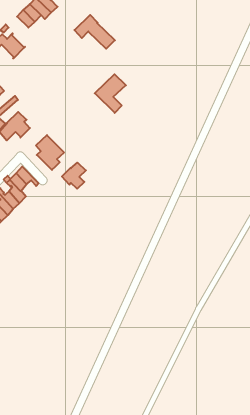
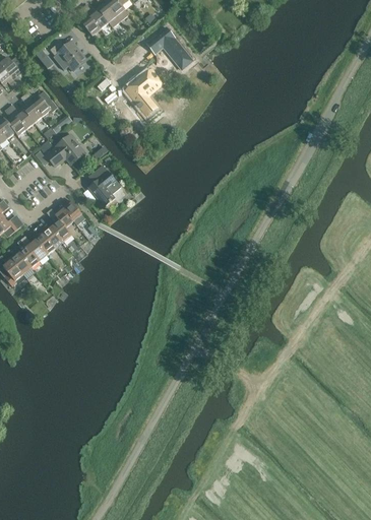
building: [95,74,126,113] -> [125,69,163,115]
building: [62,163,86,189] -> none

